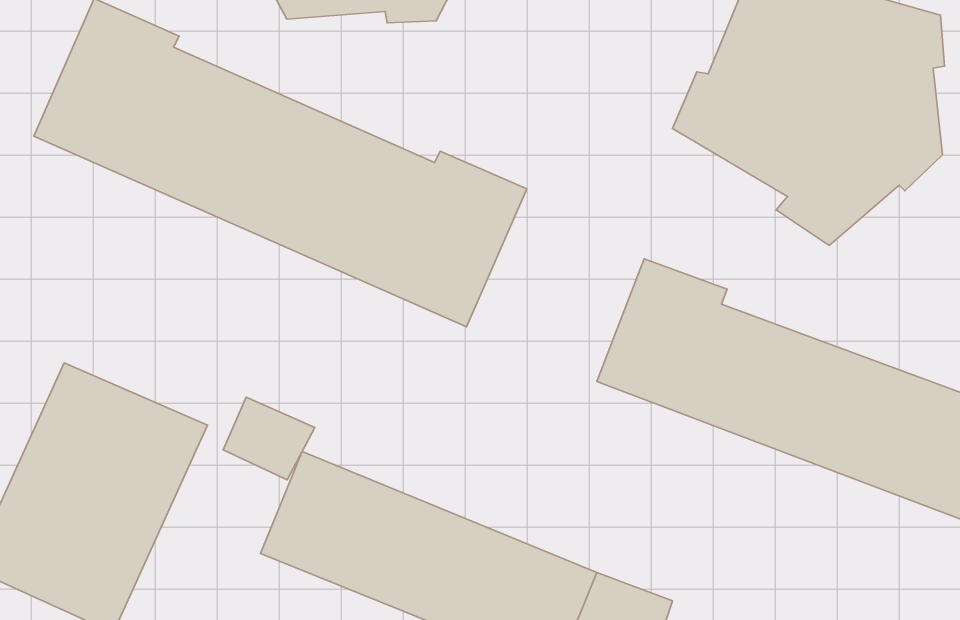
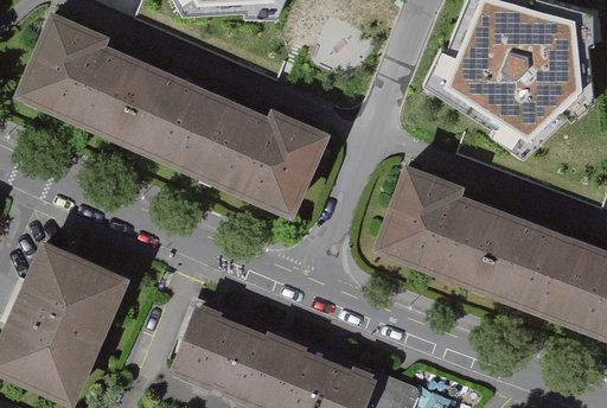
building: [223,397,315,480] -> none

